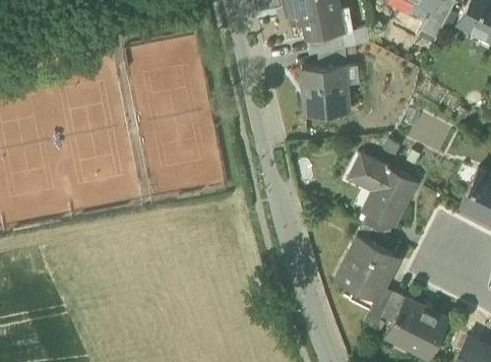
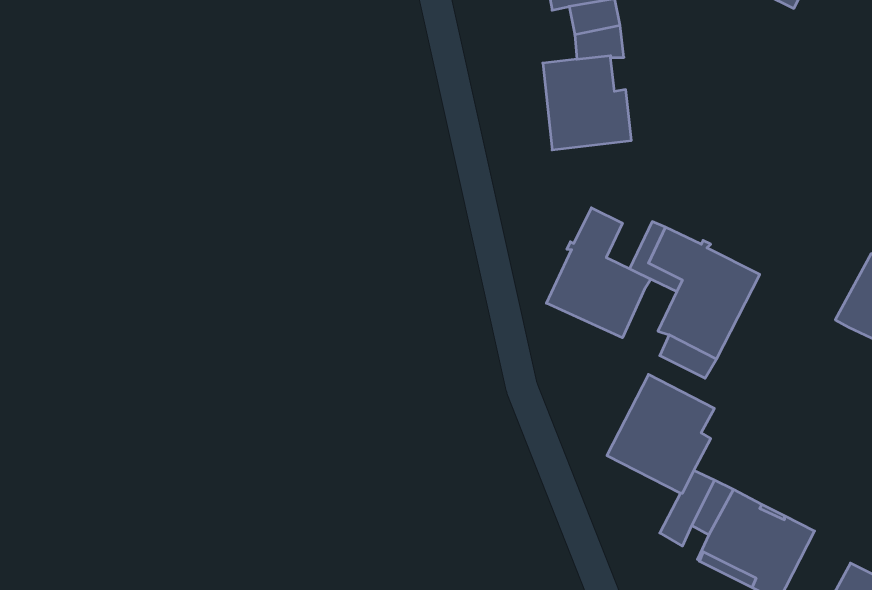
building: none -> [546,208,651,338]

